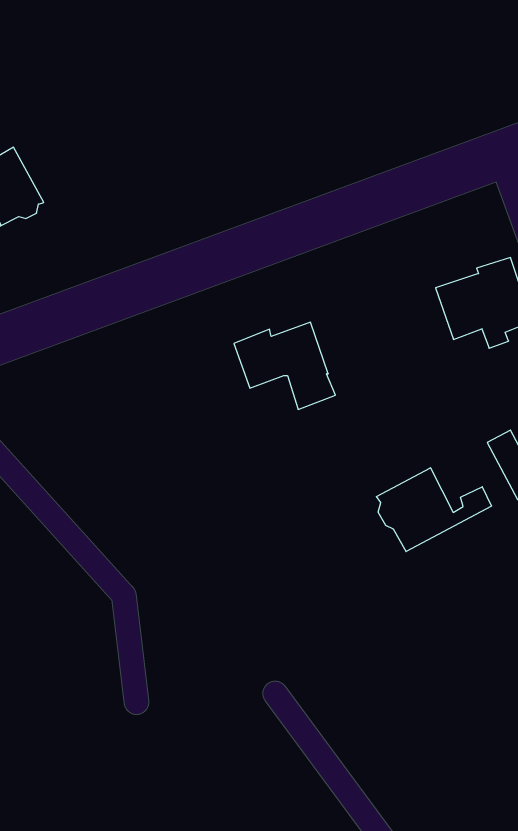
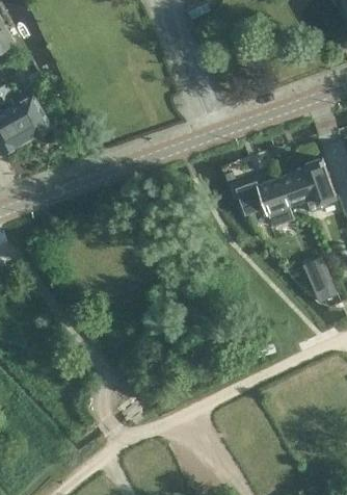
building: [234,322,335,409] -> [235,177,294,228]
building: [376,468,491,552] -> none

